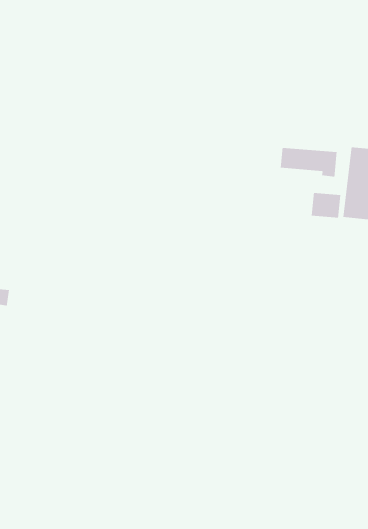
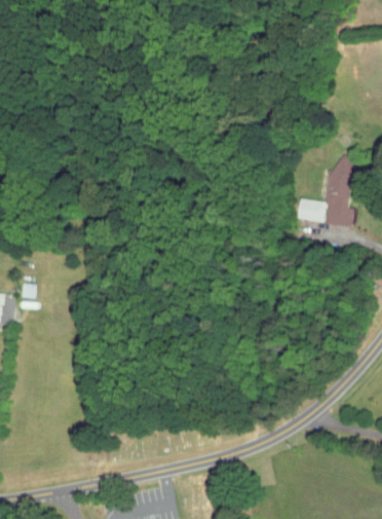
building: [280,147,337,177] -> none

